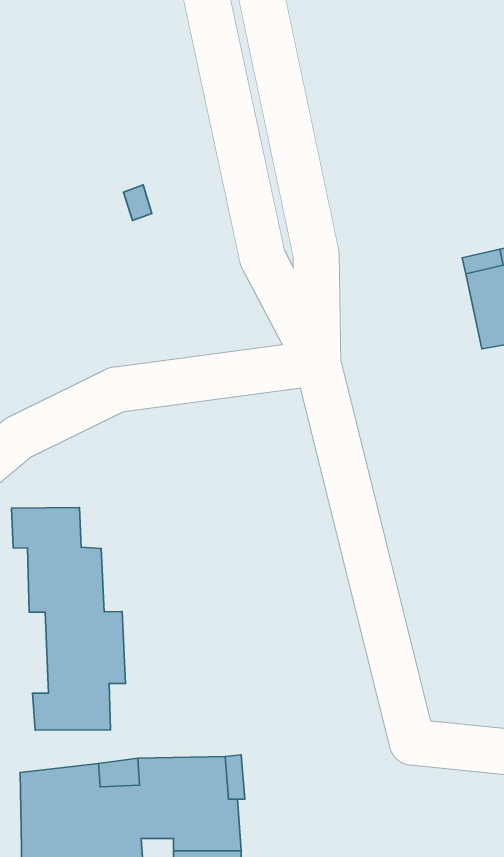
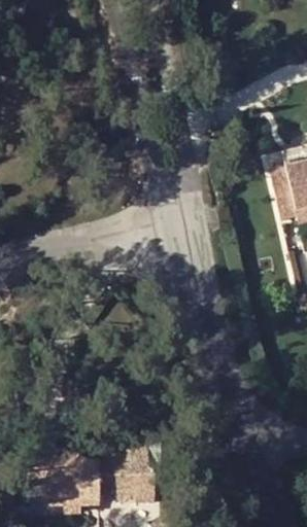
building: [12,508,125,730] -> none

